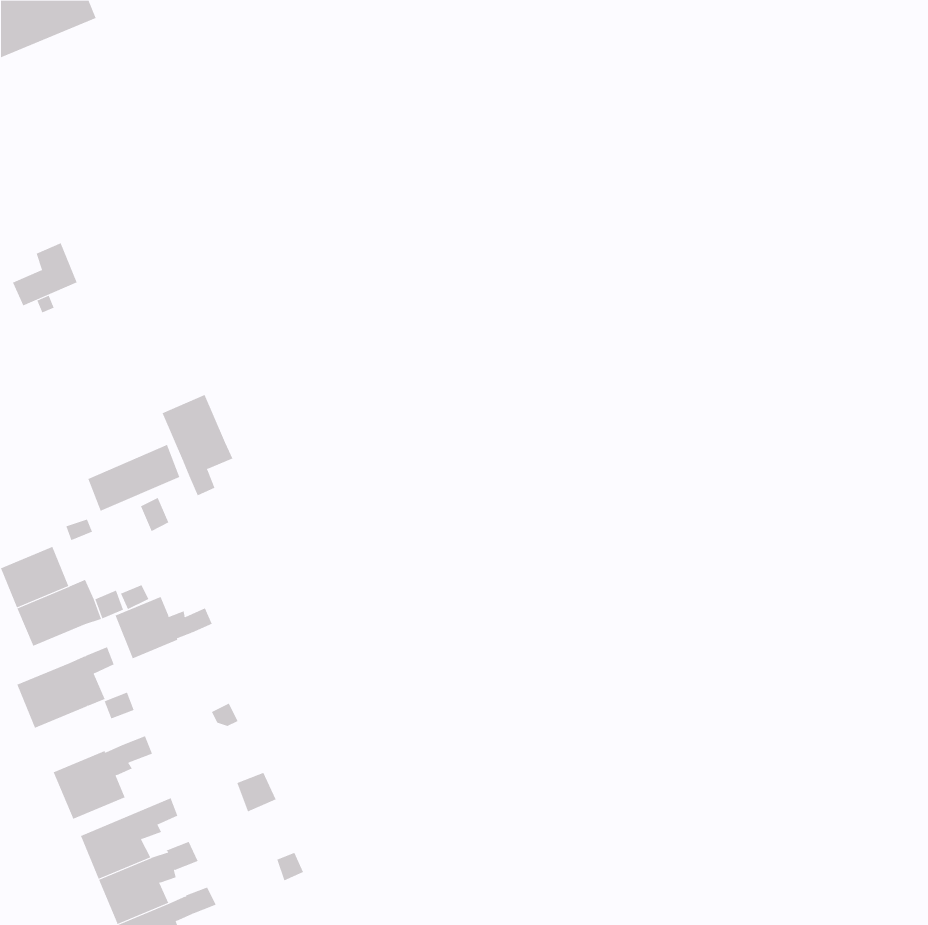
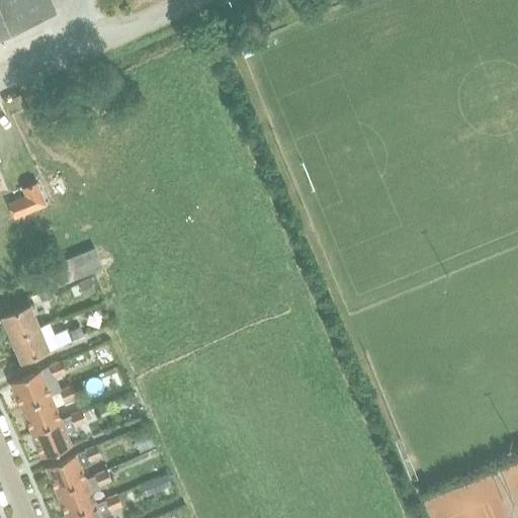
building: [12,243,78,306] -> [9,183,46,219]
building: [162,394,233,496] -> none
building: [115,596,212,659] -> none
building: none -> [20,396,60,432]

